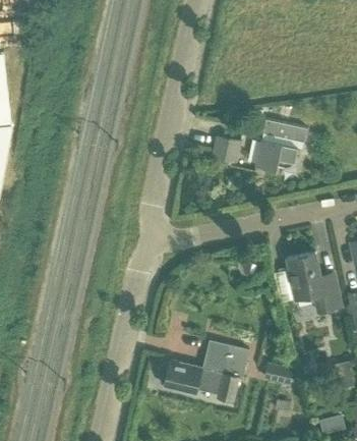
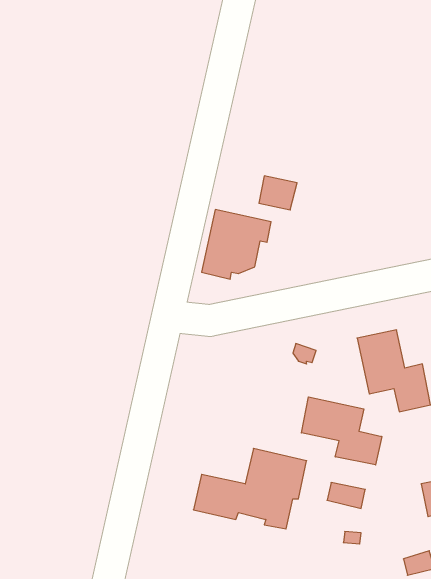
building: [256,119,308,171] -> [202,210,271,279]
building: none -> [301,397,382,465]

